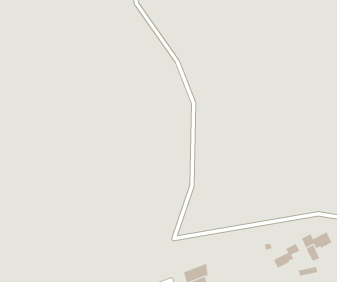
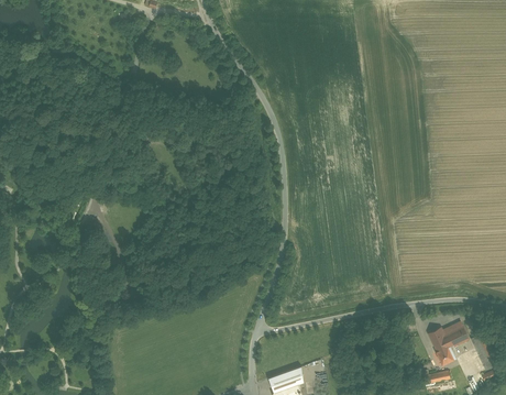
building: [273,243,300,268] -> none

